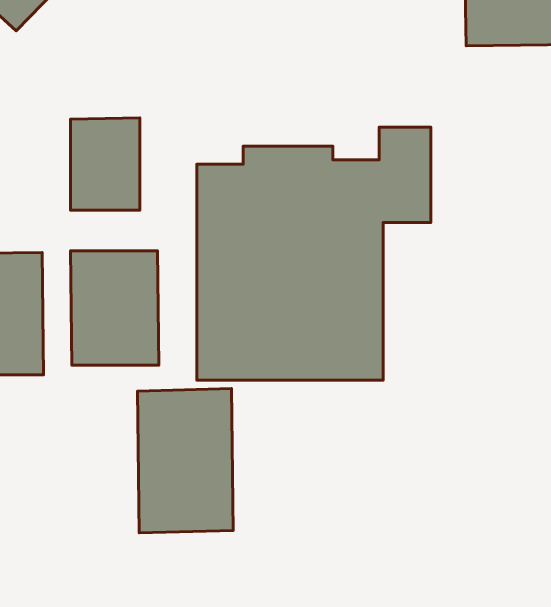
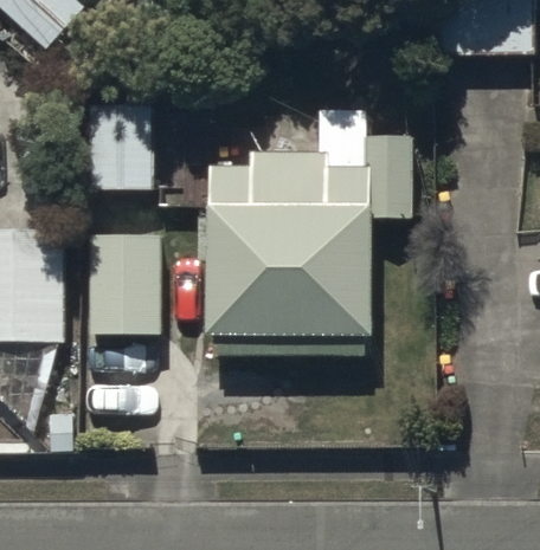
building: [138,389,233,533] -> none

